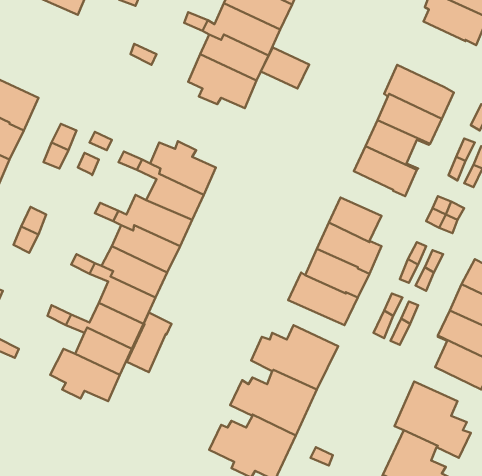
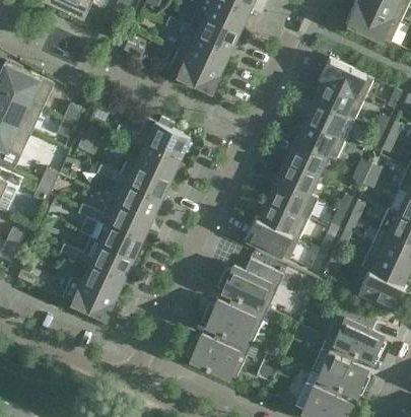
building: [261,47,309,89] -> none
building: none -> [286,141,327,176]
building: [127,312,172,372] -> none

